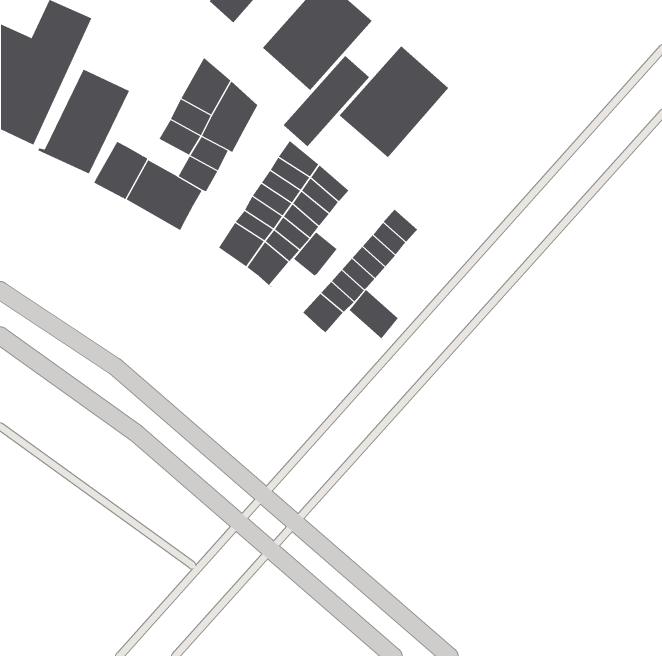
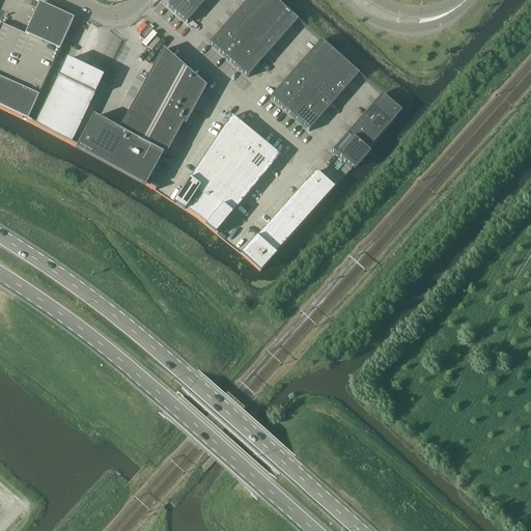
building: [283,55,370,147] -> [333,90,402,164]
building: none -> [119,111,152,141]
building: [293,231,338,276] -> none
building: [349,289,398,339] -> none

